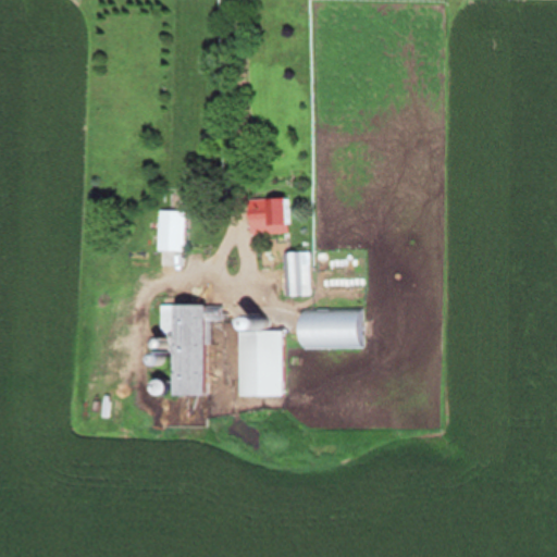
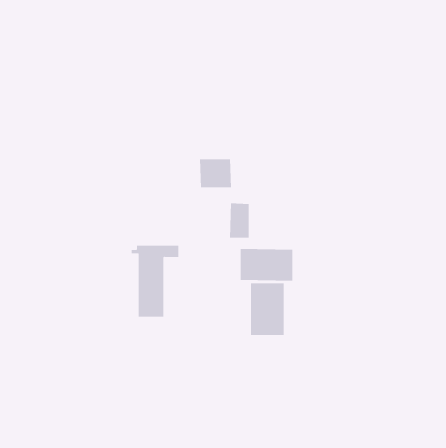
building: [158,211,184,251] -> none
building: [238,331,281,396] -> [250,283,285,335]

